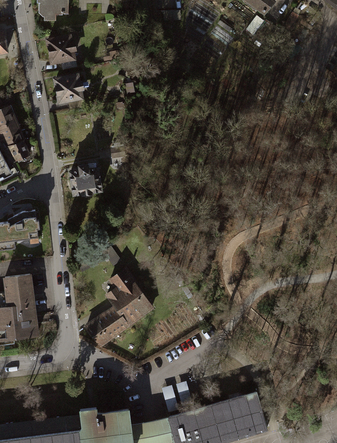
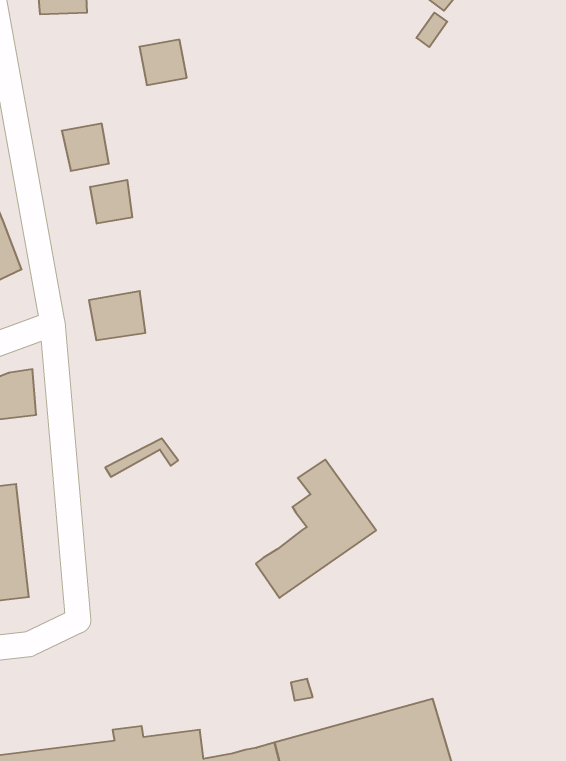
building: [47,36,73,61] -> [139,40,187,85]
building: none -> [90,180,132,224]
building: [86,268,152,344] -> [256,460,376,598]

